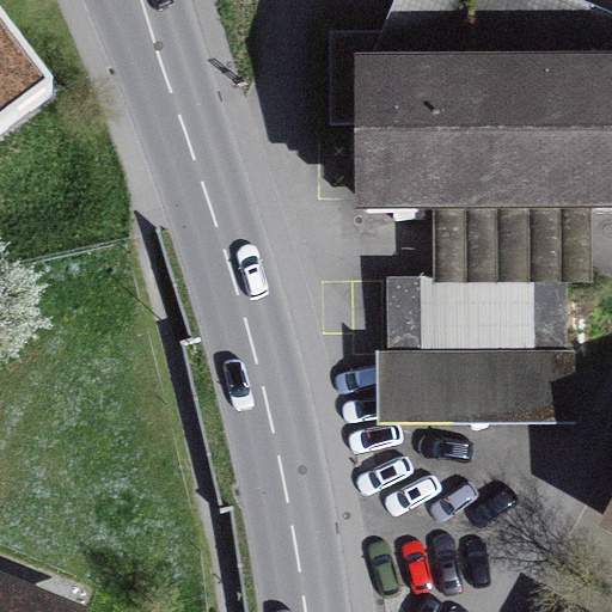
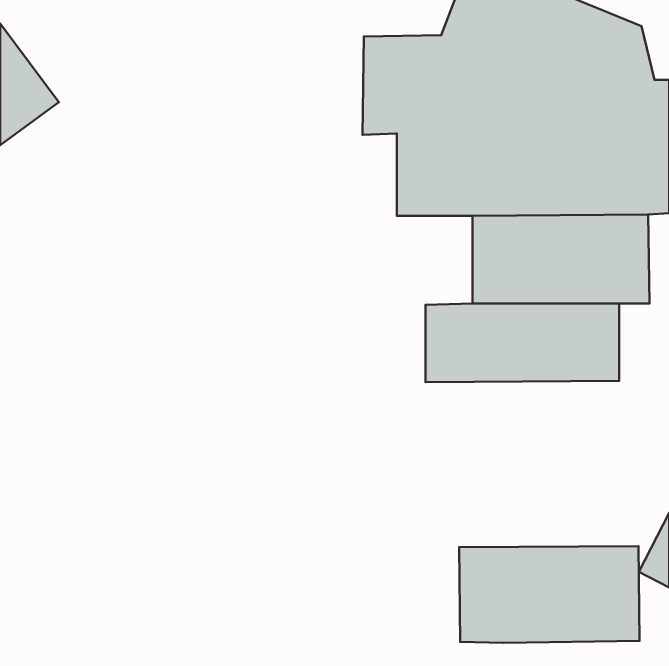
building: [377,348,575,423] -> none
building: none -> [459,546,640,643]

